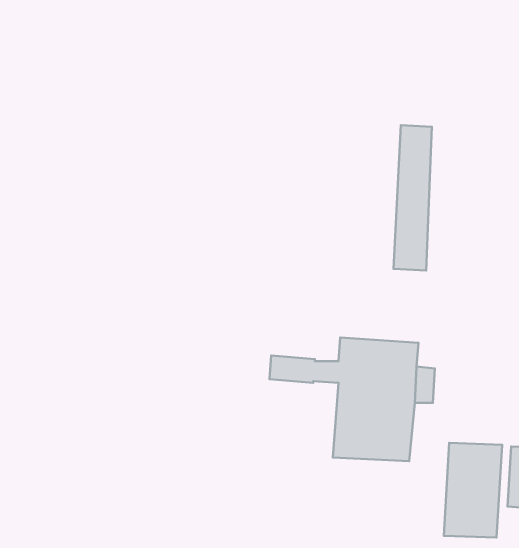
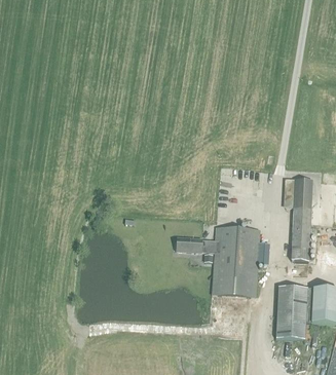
building: [394,125,432,271] -> [290,179,311,261]

